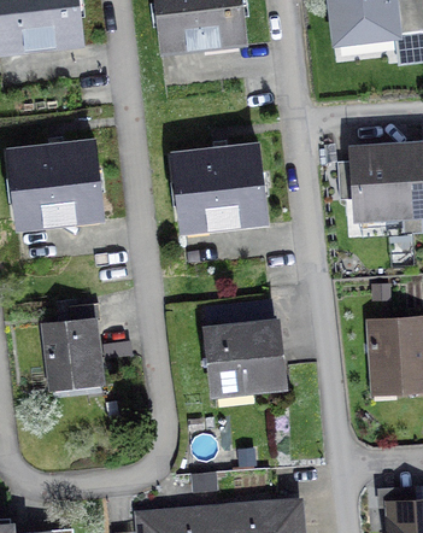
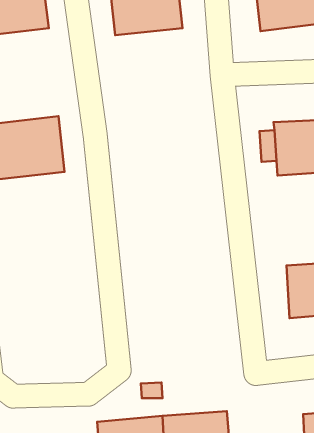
building: [175,147,264,224] -> none
building: [46,303,100,380] -> none
building: [207,323,283,387] -> none

